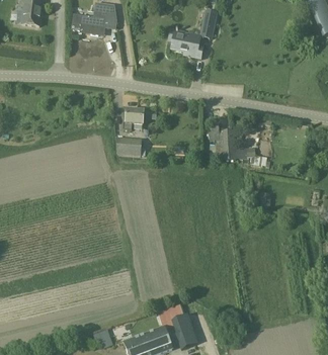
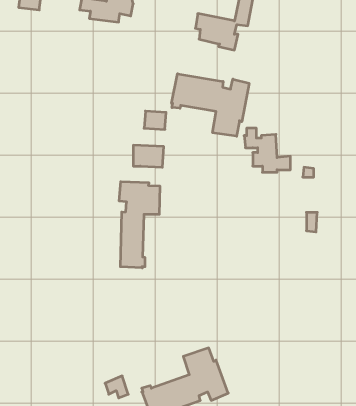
building: none -> [172,74,249,136]
building: none -> [119,182,160,268]

